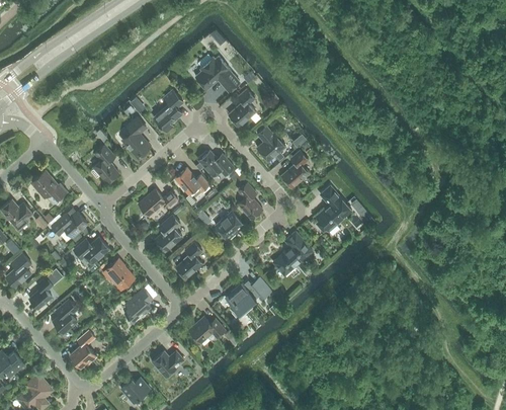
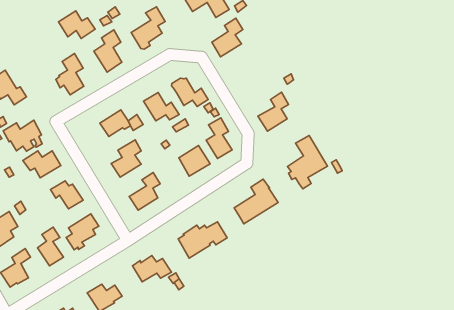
building: none -> [58,11,95,38]
building: [256,126,285,161] -> none
building: none -> [38,227,63,266]

